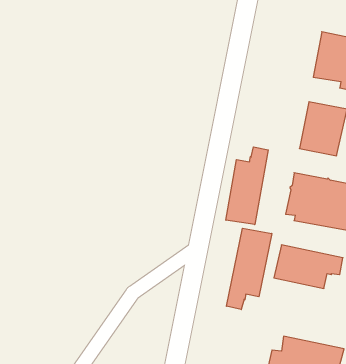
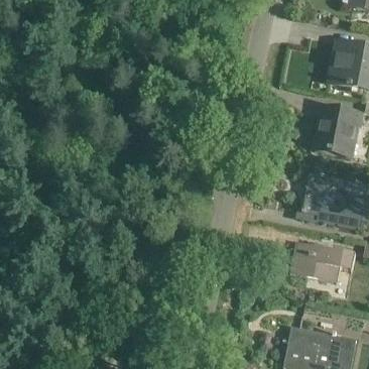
building: [226,147,268,225] -> none
building: [226,228,272,310] -> none

